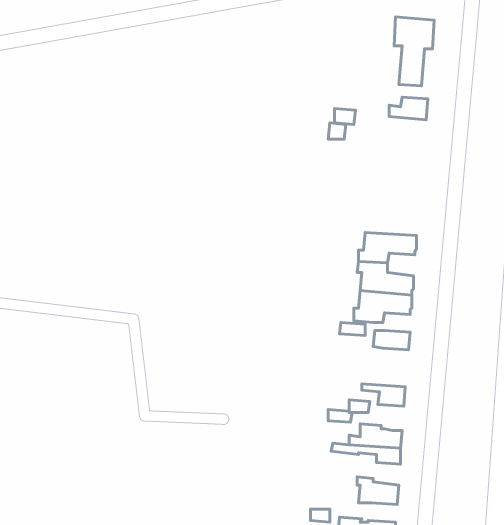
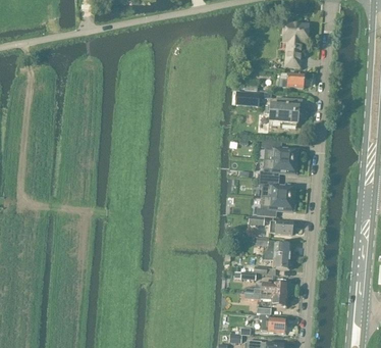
building: none -> [268,97,303,126]
building: none -> [263,140,298,161]
building: none -> [257,237,291,257]

